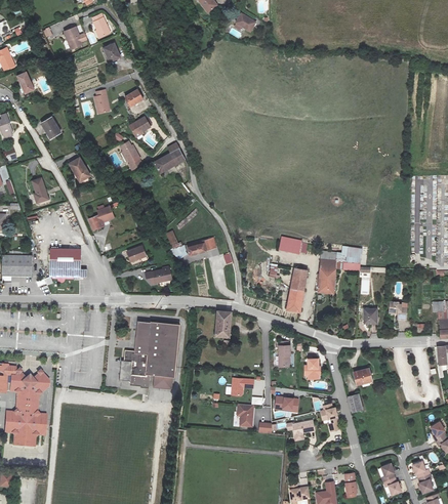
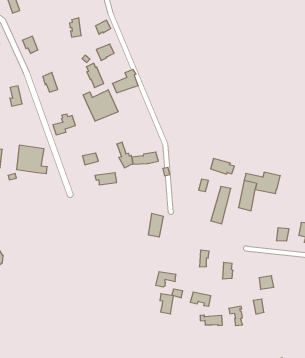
building: none -> [83,90,118,121]
building: [118,323,176,387] -> none

